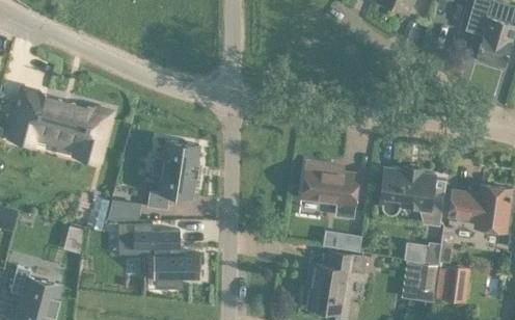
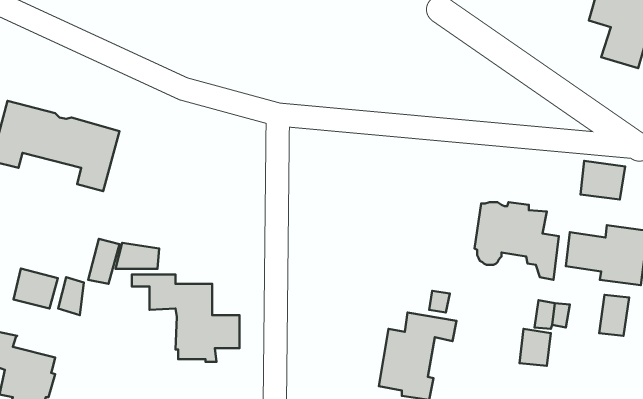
building: none -> [581,161,625,200]
building: [146,140,198,209] -> none
building: [301,161,358,218] -> none
building: none -> [14,269,58,309]
building: [443,268,466,299] -> [599,295,629,336]

